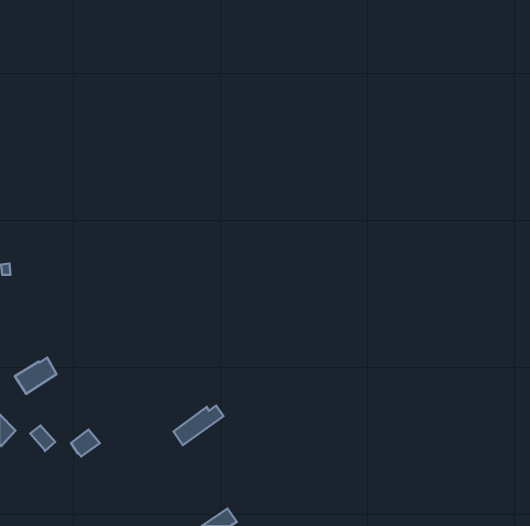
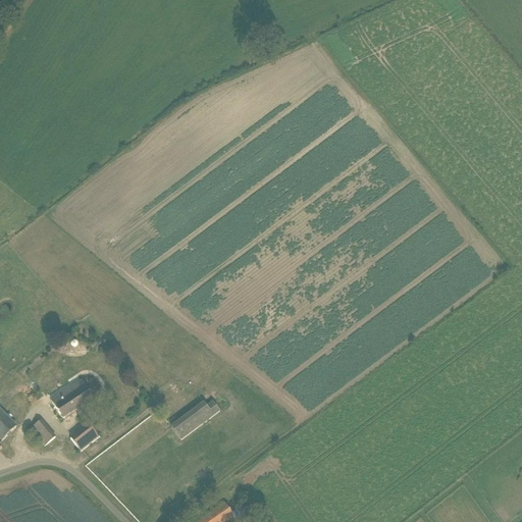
building: [15,357,56,394] -> [50,379,91,415]

